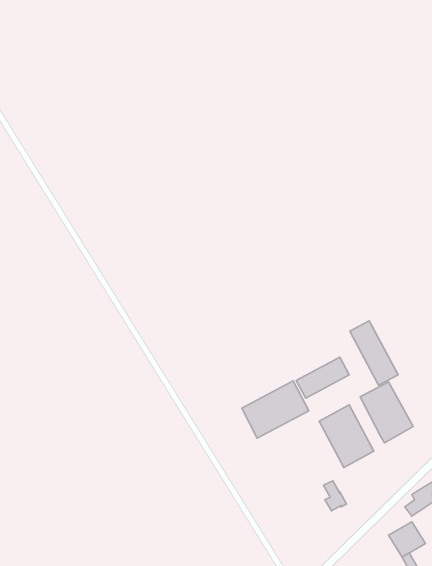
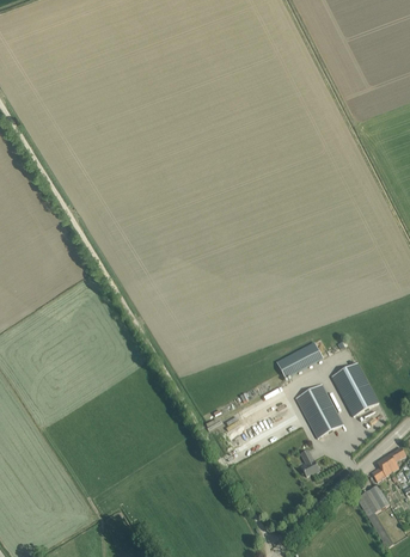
building: [350,321,398,385] -> none
building: [242,381,309,438] -> none

